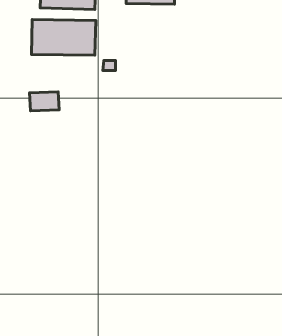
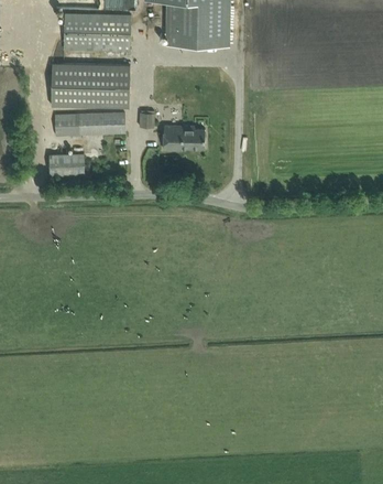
building: none -> [55,112,124,135]
building: none -> [163,125,205,149]

